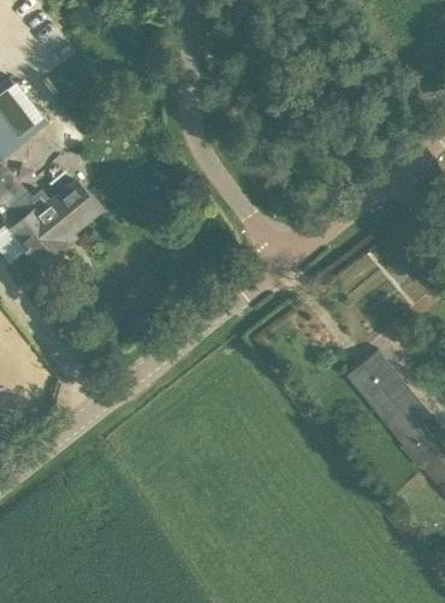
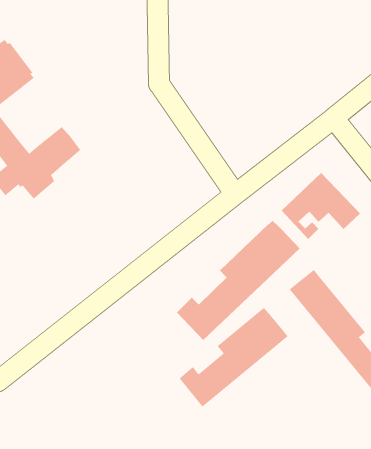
building: none -> [176,220,300,341]
building: none -> [179,307,289,407]

